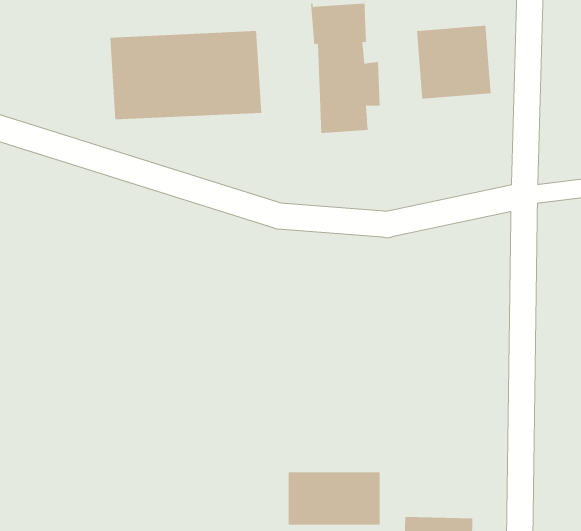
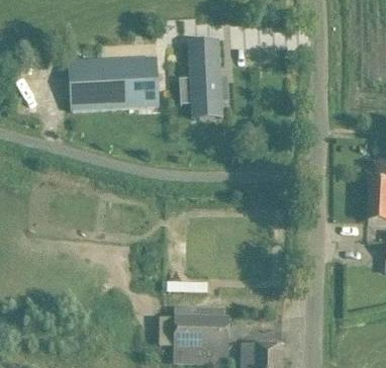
building: [416,25,491,99] -> none

